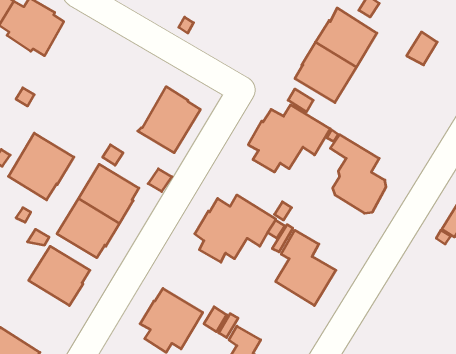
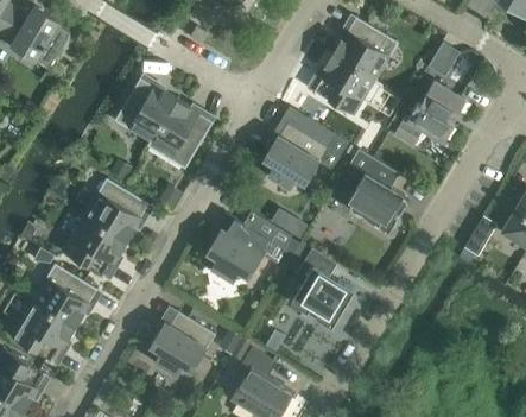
building: none -> [115,78,177,141]
building: none -> [393,81,465,146]
building: [8,133,74,200] -> none
building: none -> [12,301,76,362]

